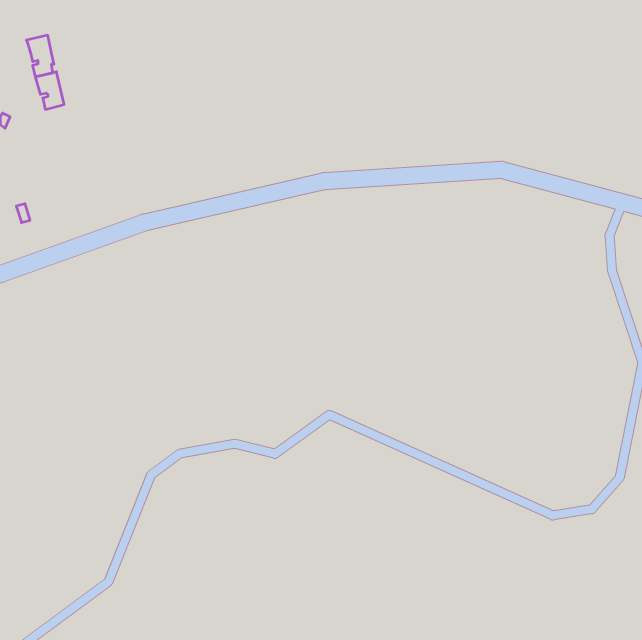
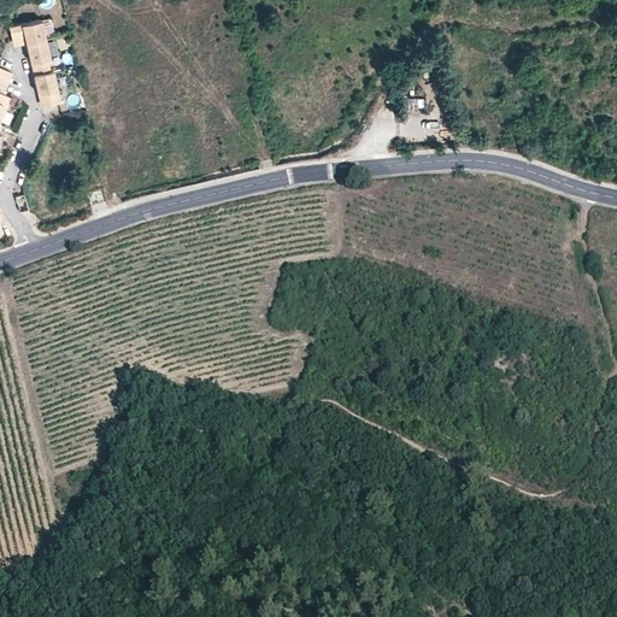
building: none -> [7,20,46,45]

